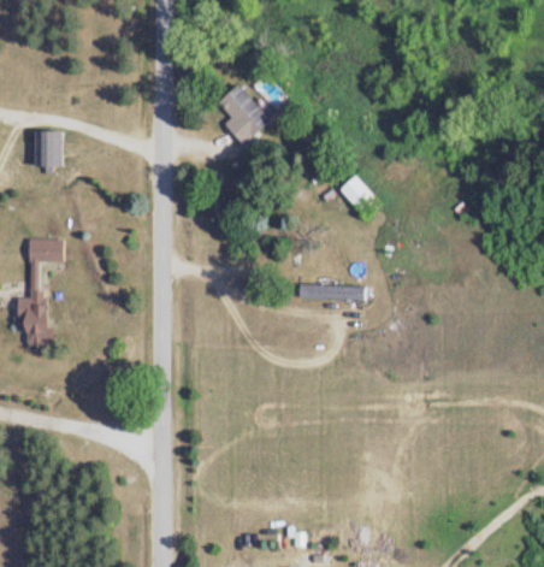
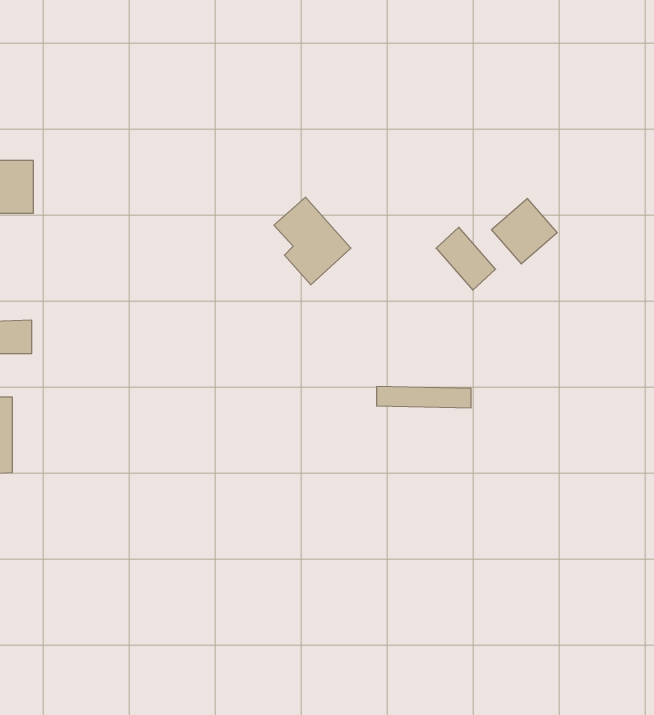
building: [218,84,271,144] -> [274,197,351,285]
building: none -> [492,198,557,264]

